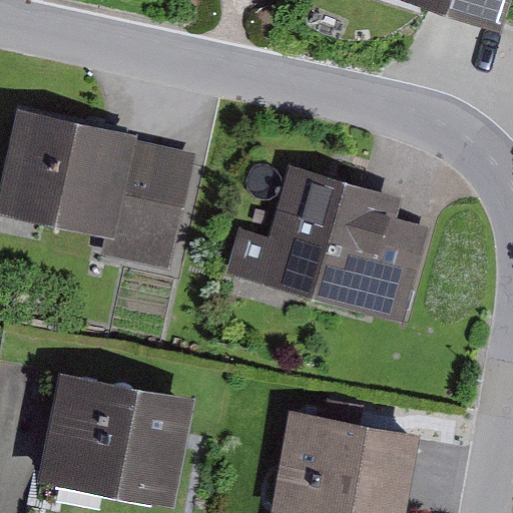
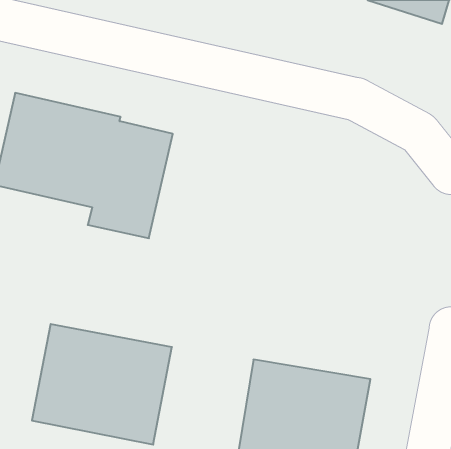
building: [224,167,429,326] -> none

